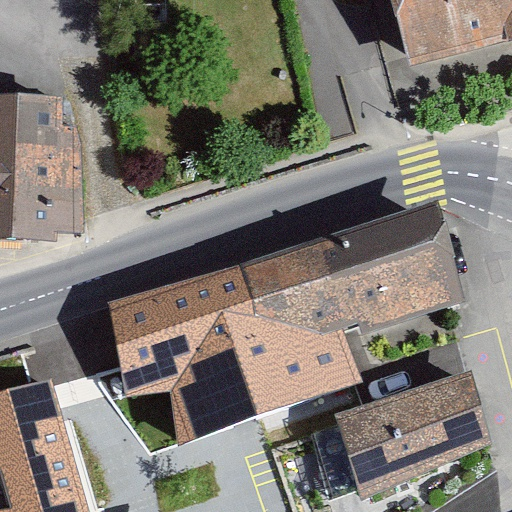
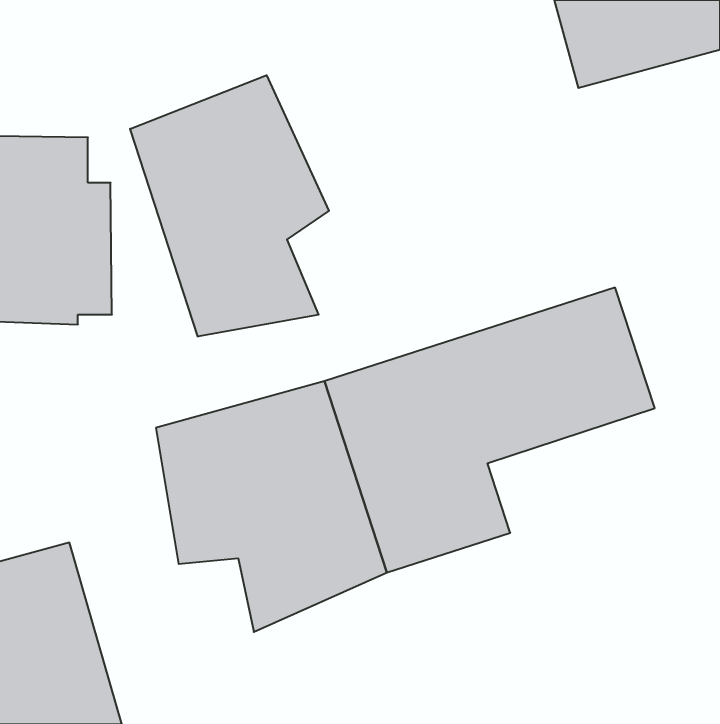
building: none -> [130,75,329,337]
building: [327,373,490,498] -> none

